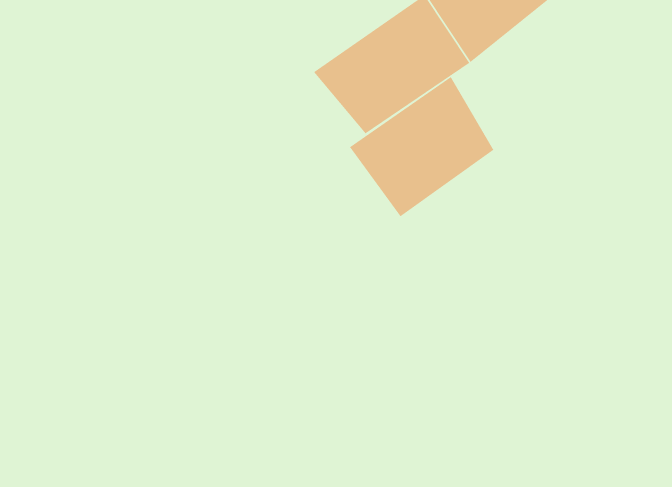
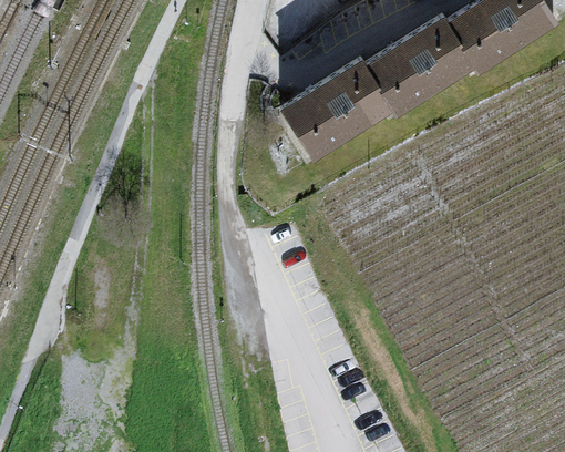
building: [349,76,494,217] -> none

